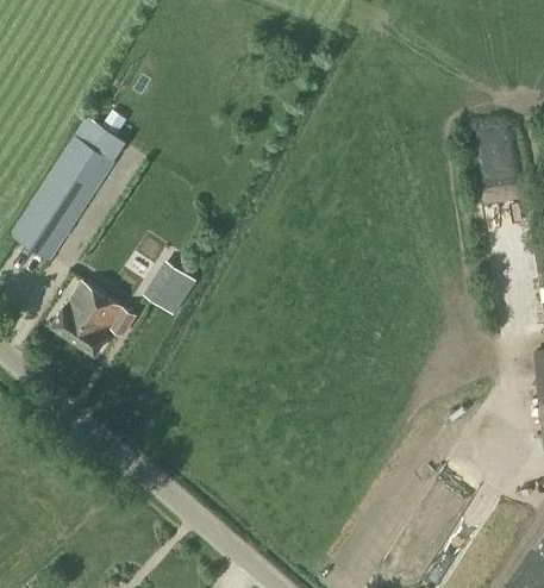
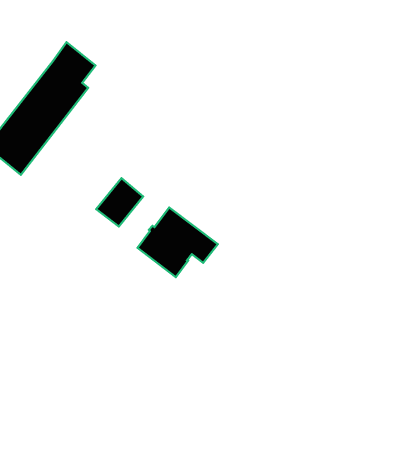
building: [51,281,138,356] -> [138,207,218,277]

